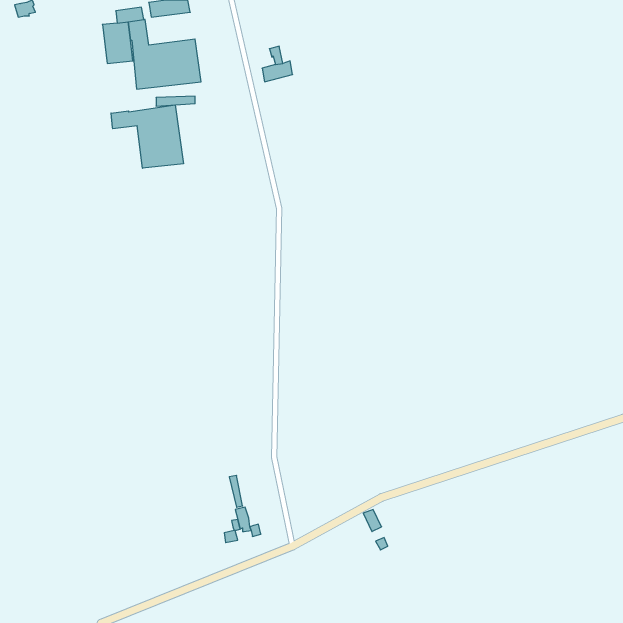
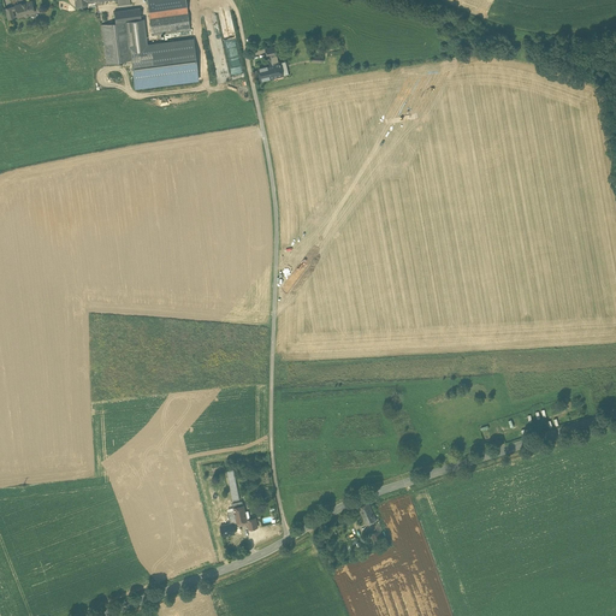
building: none -> [149,12,190,35]
building: [111,105,183,168] -> none

